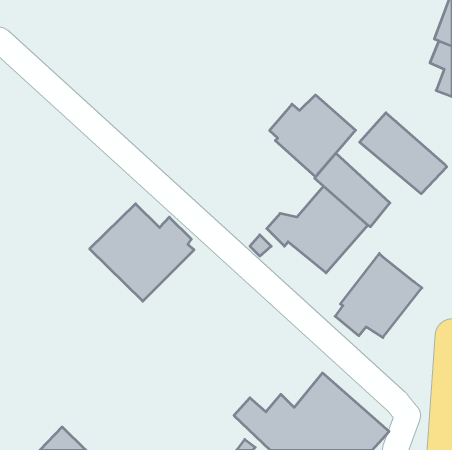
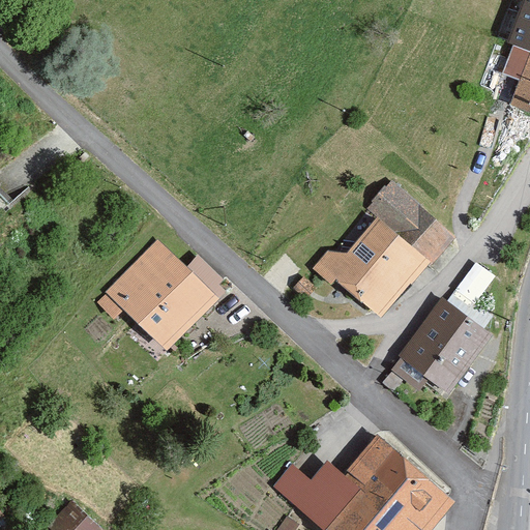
building: [270,95,356,177] -> none
building: [360,113,447,194] -> none
building: none -> [446,262,495,329]

